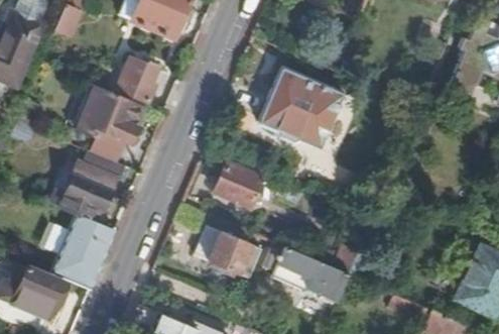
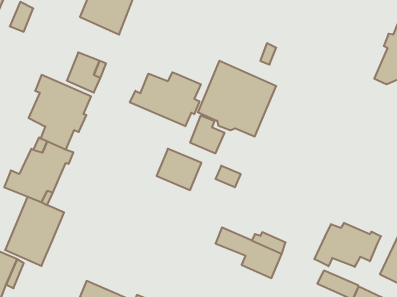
building: none -> [130,72,201,126]
building: none -> [190,116,224,153]
building: [208,232,251,273] -> none
building: none -> [314,223,381,267]

